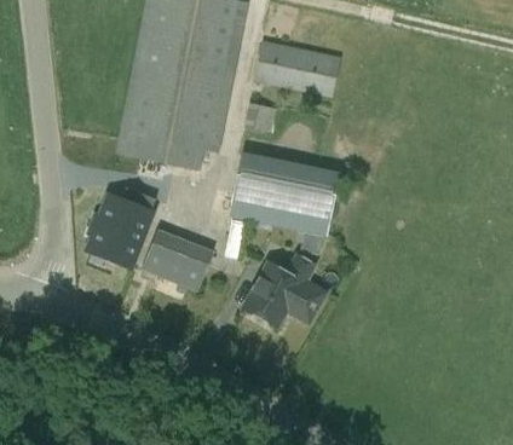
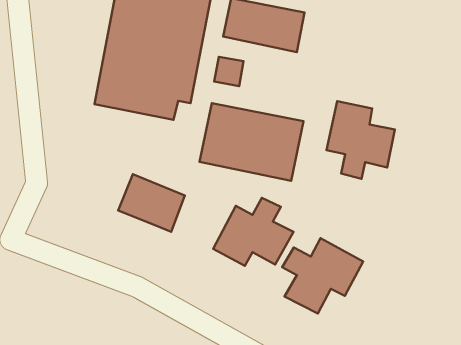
building: none -> [326,101,395,179]
building: [90,191,155,262] -> none
building: none -> [282,238,363,314]

